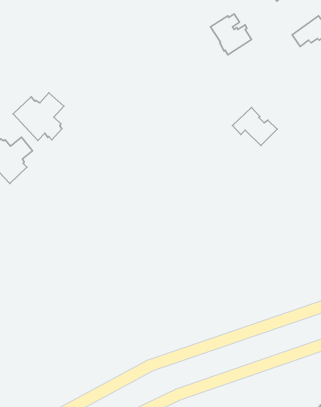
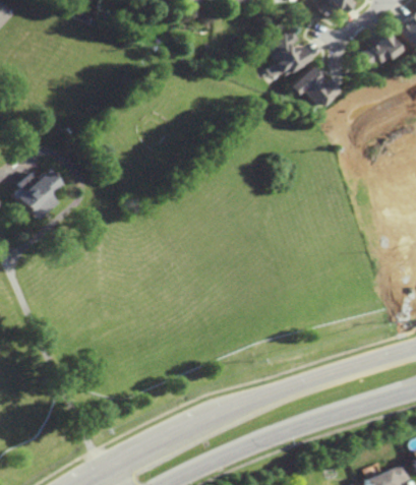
building: [13,93,64,140] -> none
building: [233,107,277,146] -> [287,65,337,108]

